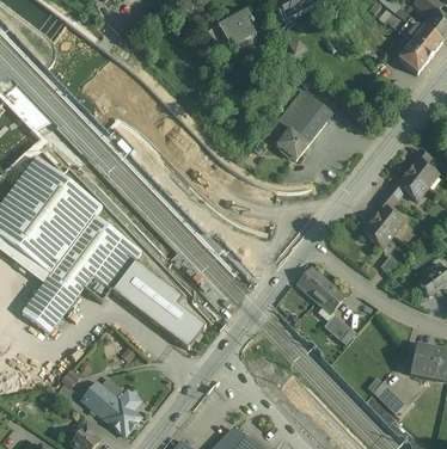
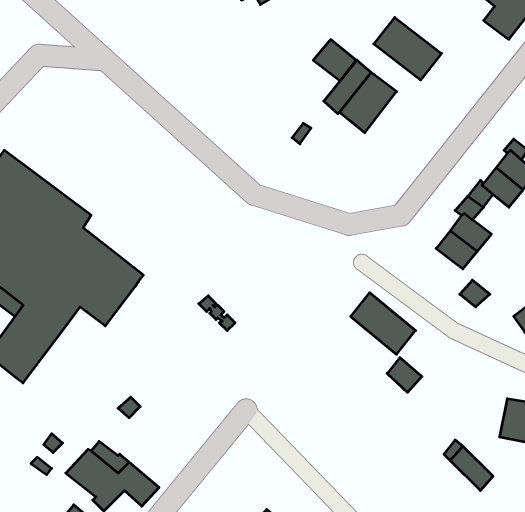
building: none -> [374,17,442,80]
building: [275,128,307,159] -> [313,40,356,81]
building: [111,259,204,347] -> none

